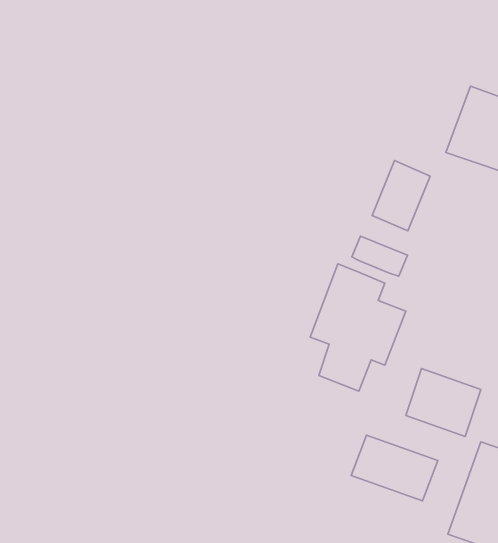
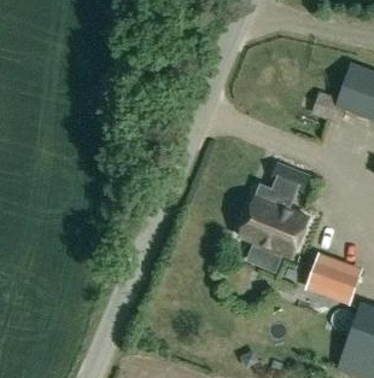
building: [372,161,430,231] -> none
building: [351,435,438,501] -> none

